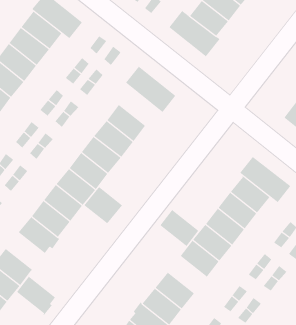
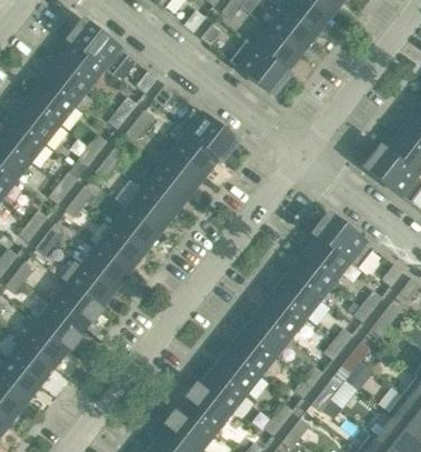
building: none -> [171,127,223,178]
building: [83,186,123,224] -> none
building: [160,209,199,247] -> [229,331,275,375]
building: [16,276,56,315] -> [38,303,84,350]

